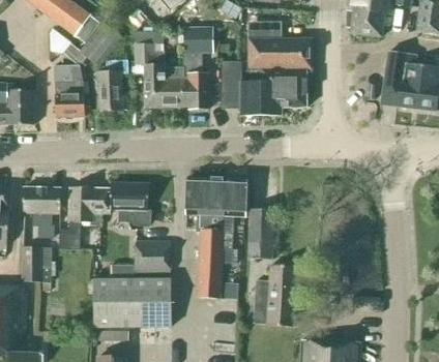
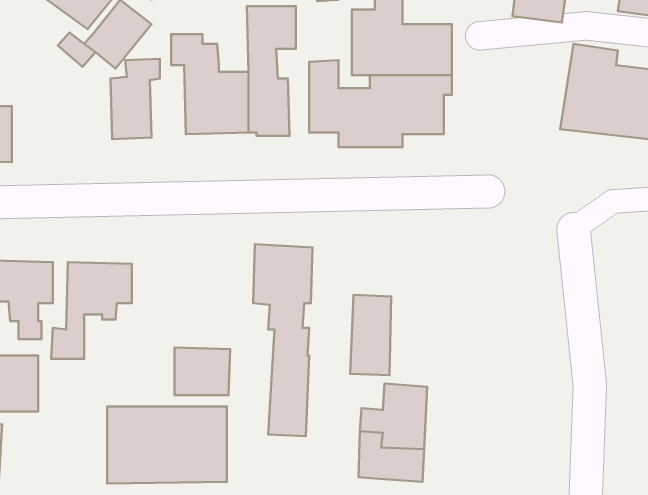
building: [55,66,85,116] -> none
building: [217,178,245,247] -> none
building: [110,182,150,225] -> none

